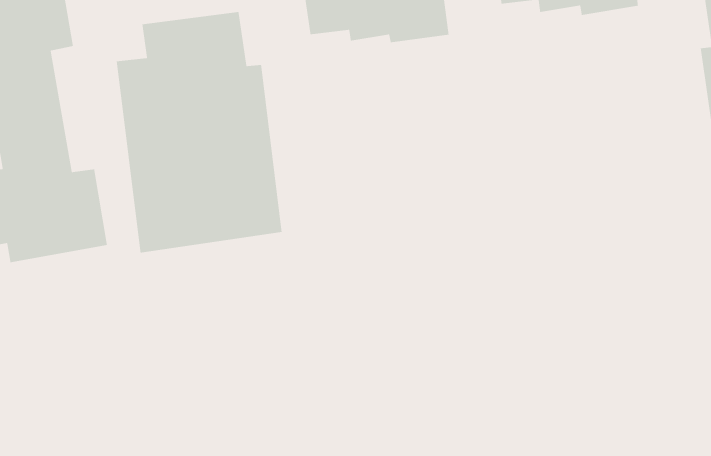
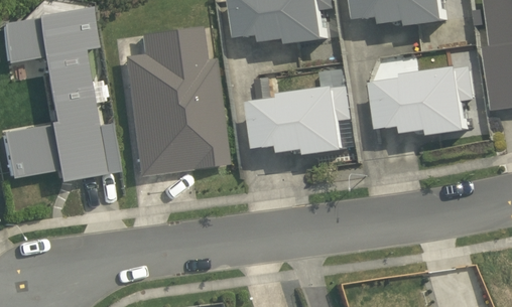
building: none -> [382,67,480,137]
building: none -> [258,68,357,157]

